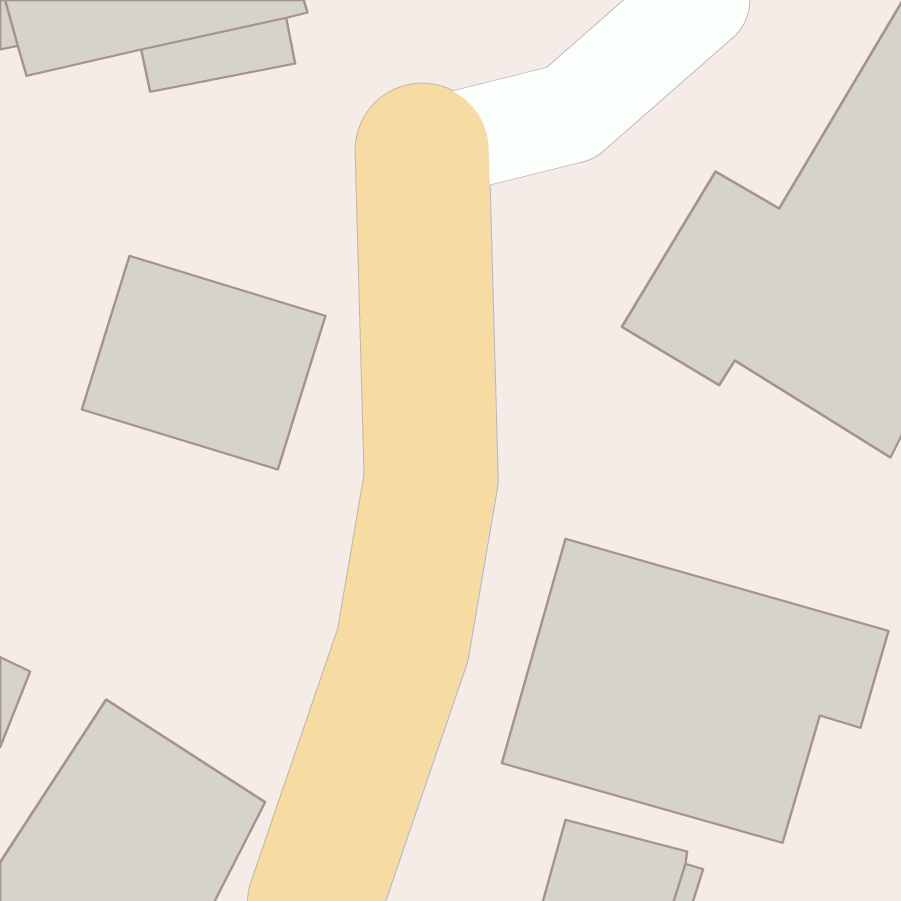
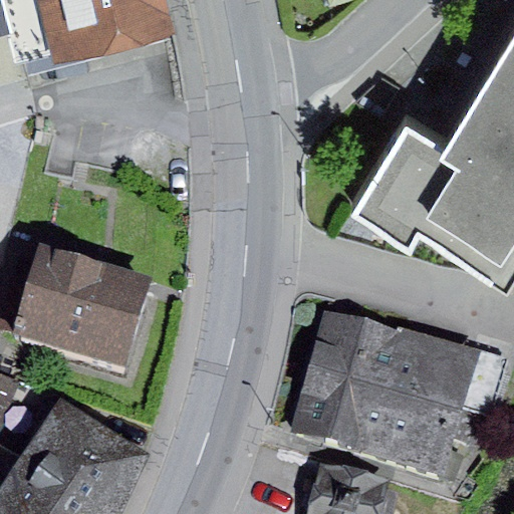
building: [82,256,325,470] -> [16,246,155,367]

